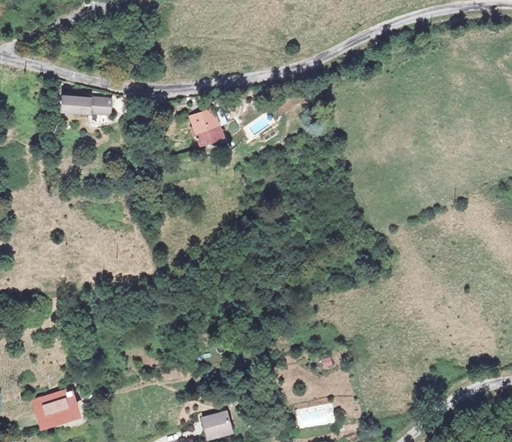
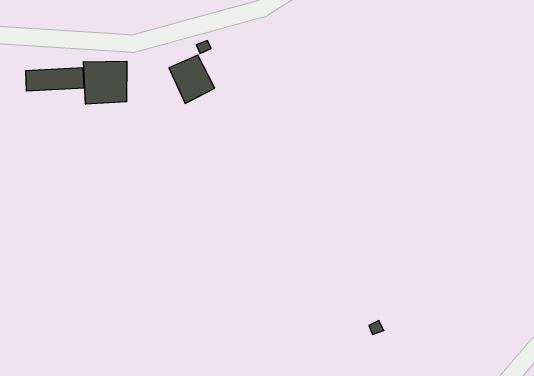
building: none -> [83,61,127,104]

